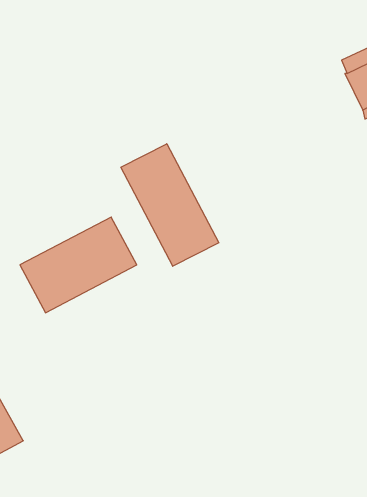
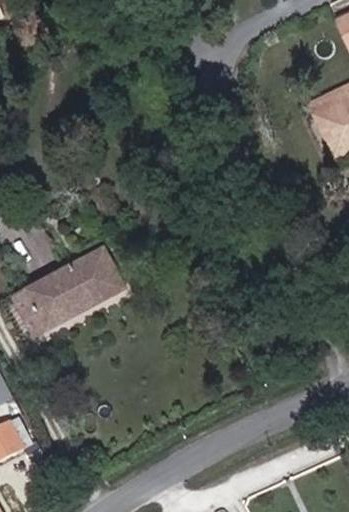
building: [121,144,219,266] -> none

